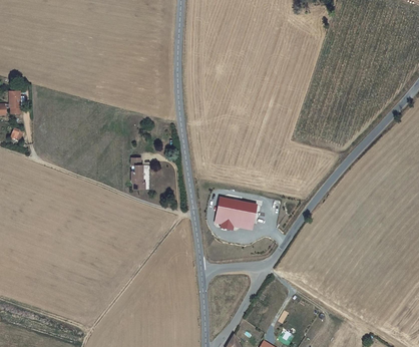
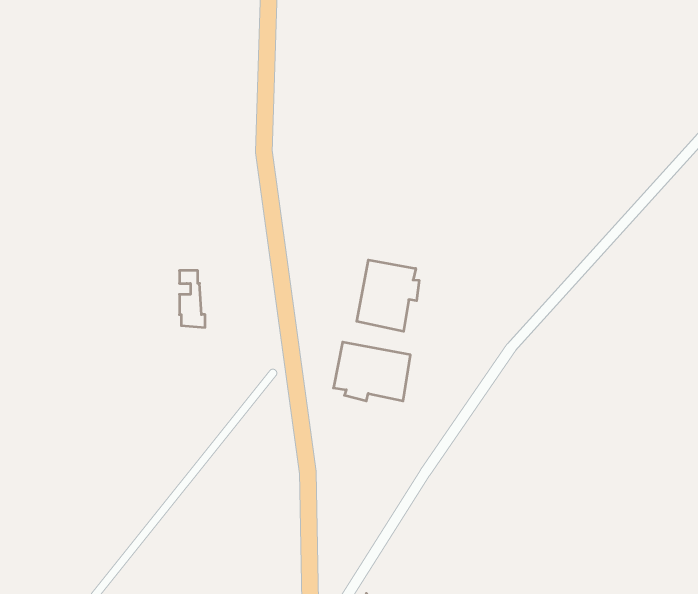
building: none -> [357,260,419,331]

